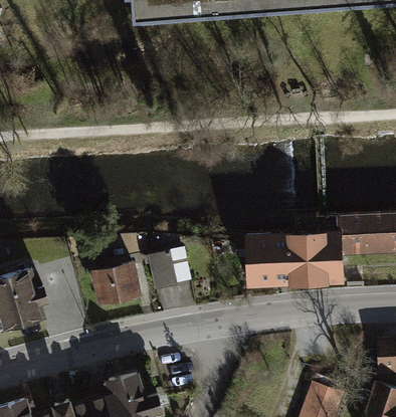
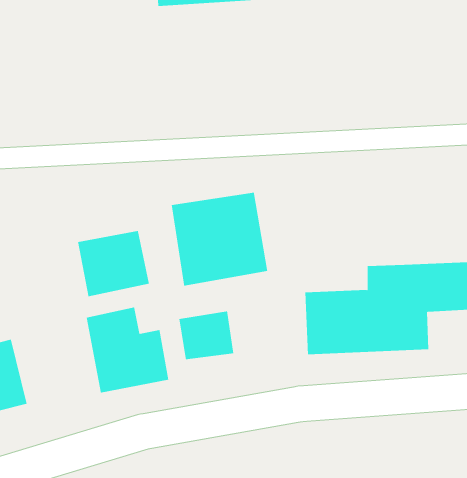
building: none -> [171,192,268,286]
building: none -> [77,230,149,297]

